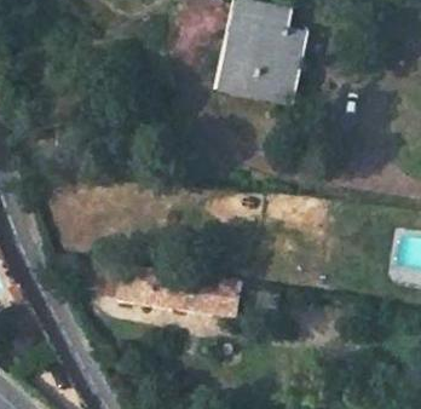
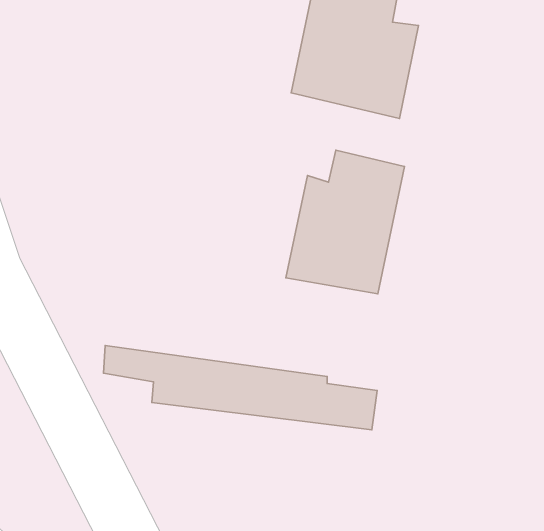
building: none -> [286,150,404,294]

